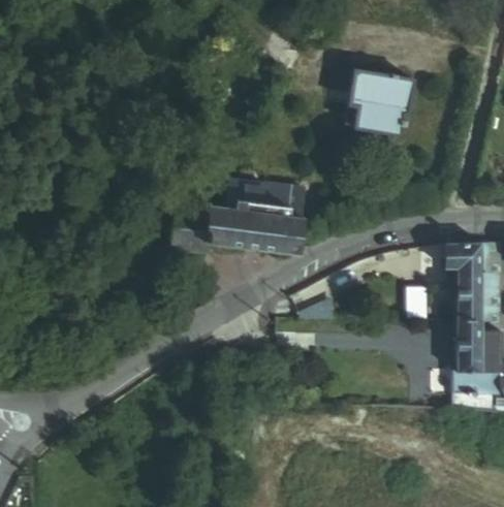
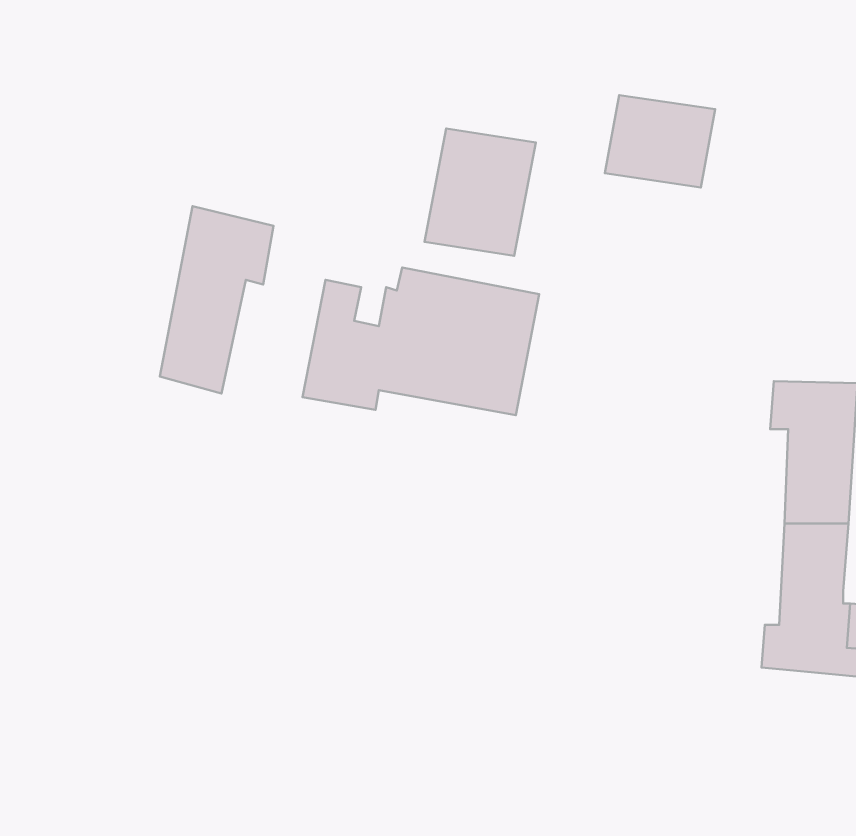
building: none -> [425,129,536,256]
building: none -> [160,206,274,393]

